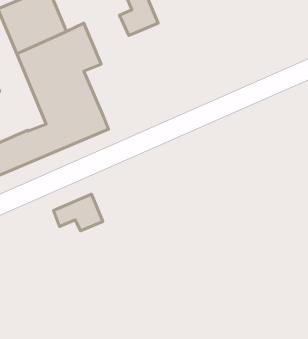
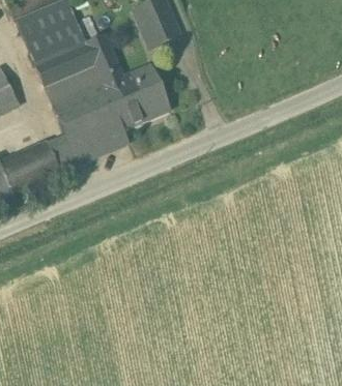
building: none -> [105,64,170,128]
building: [53,194,103,231] -> none

